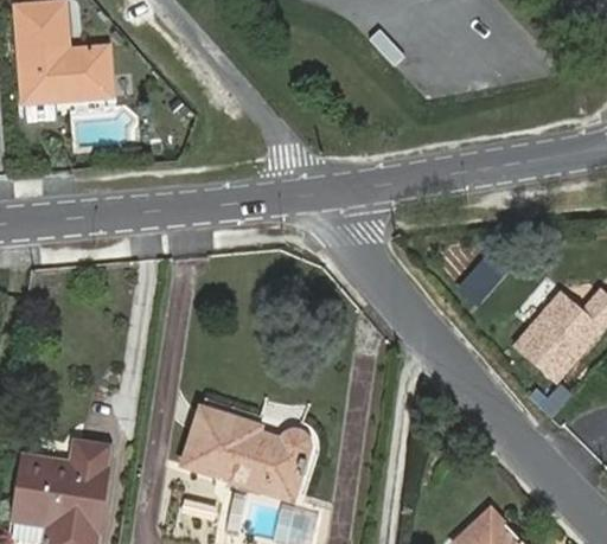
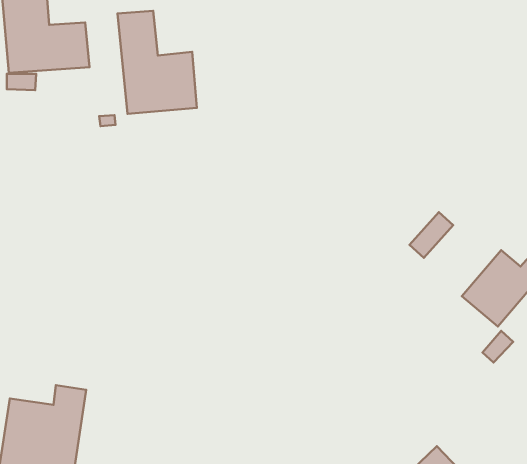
building: none -> [118,11,197,114]
building: [183,407,308,498] -> none

